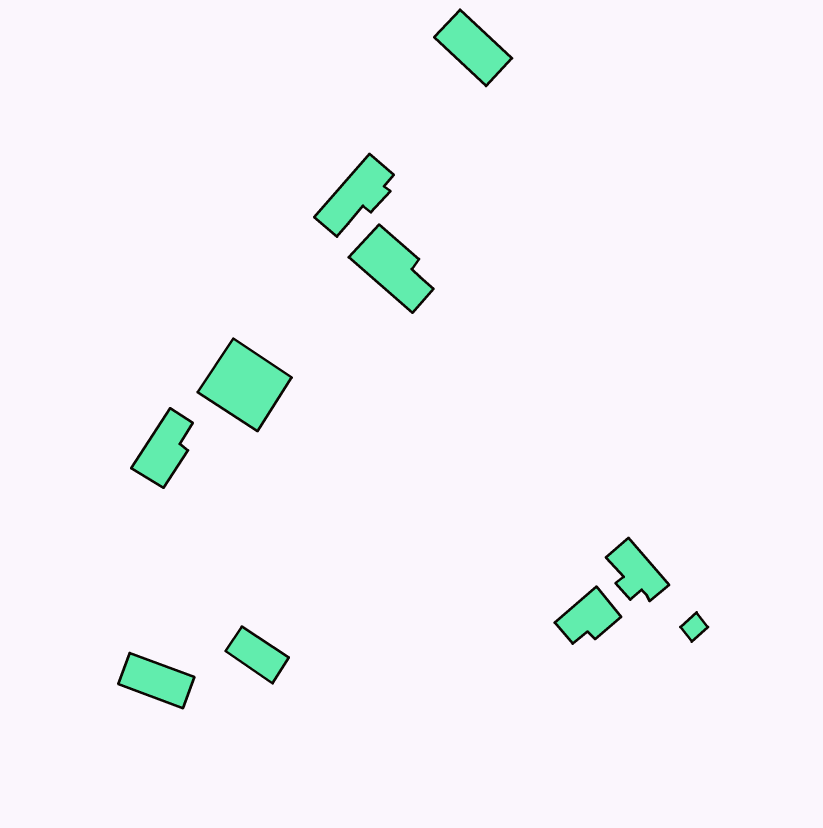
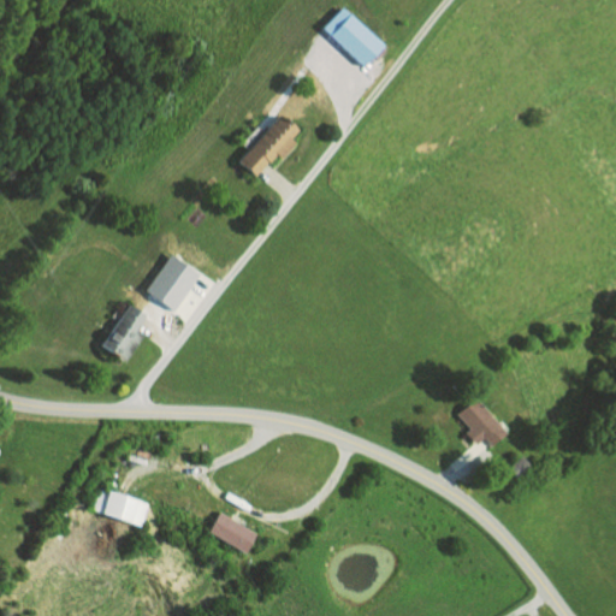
building: [349,225,433,313] -> none
building: [555,587,621,644] -> none
building: [226,627,289,683] -> [211,511,257,553]

